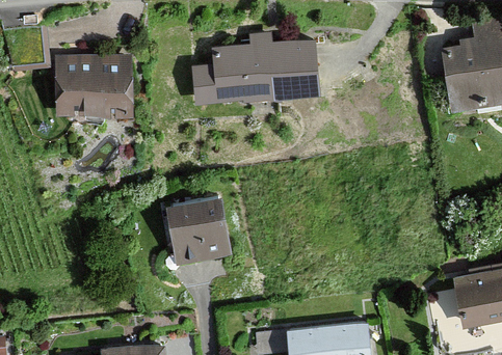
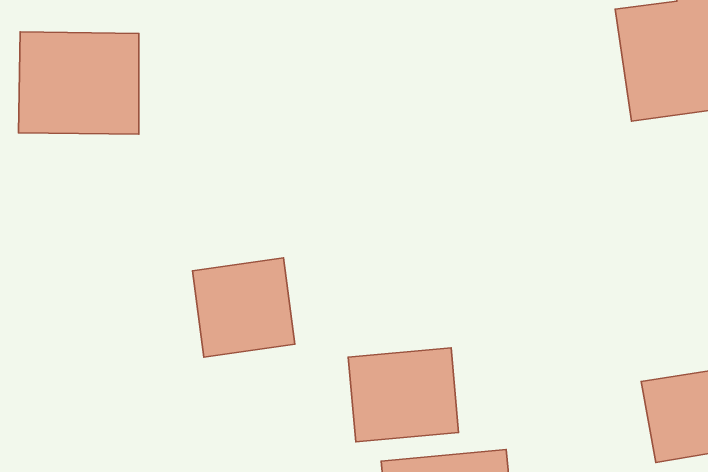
building: [194,38,322,107] -> none
building: none -> [348,348,459,442]

